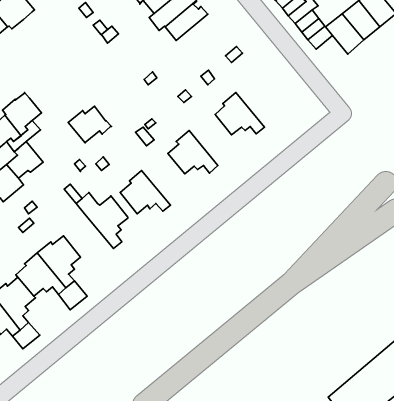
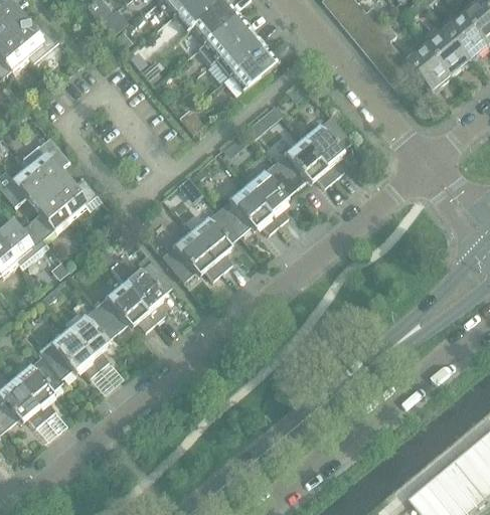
building: none -> [228,44,279,92]
building: none -> [299,116,350,178]
building: [68,106,111,143] -> [50,176,102,219]
building: none -> [243,163,294,223]
building: none -> [187,209,238,271]
building: none -> [95,281,154,332]

